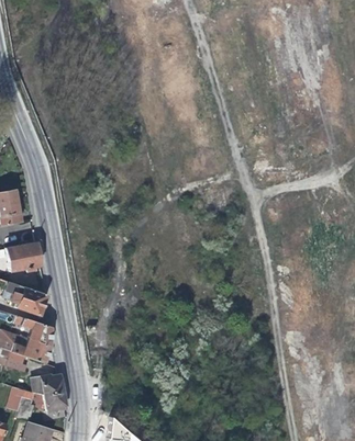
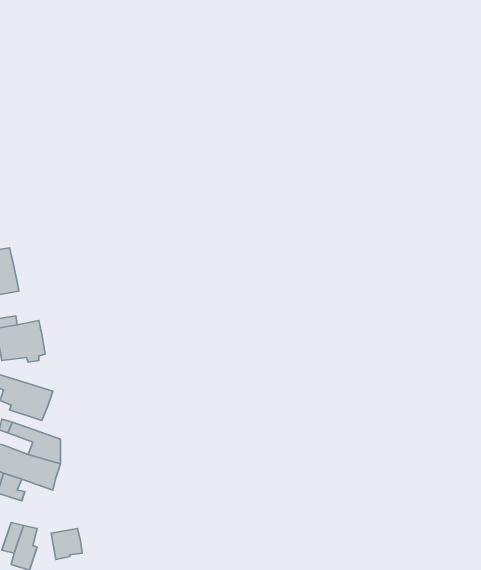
building: [36,374,65,395] -> none

